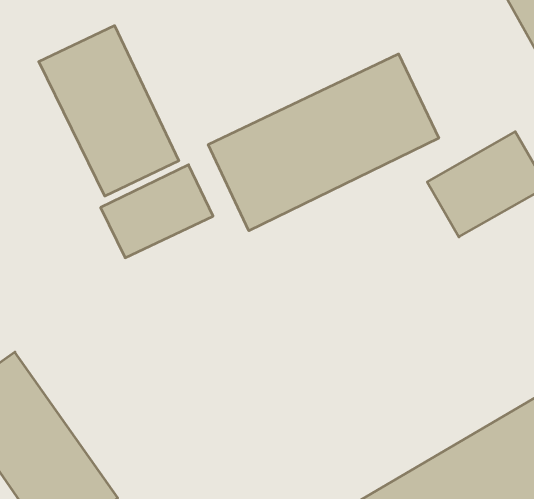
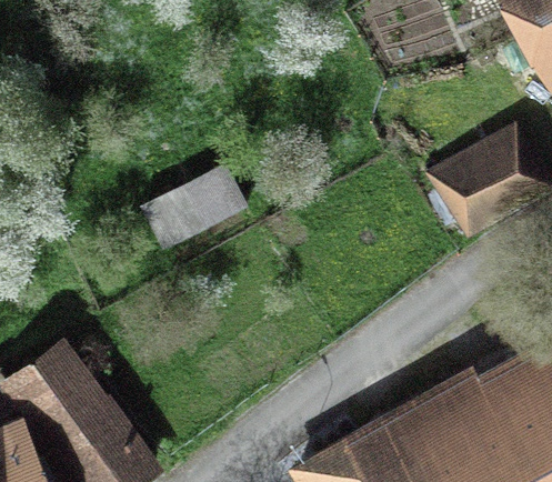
building: [39,26,179,196] -> none
building: [208,54,439,231] -> none

